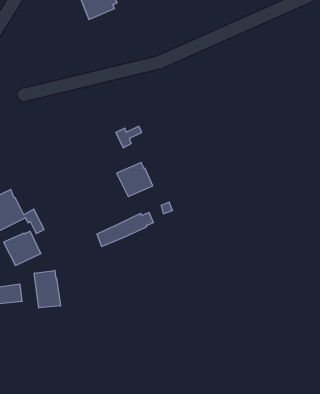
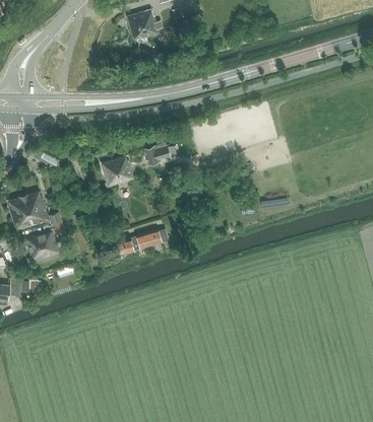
building: [117,163,153,197] -> [101,154,133,185]
building: [34,270,61,308] -> none

